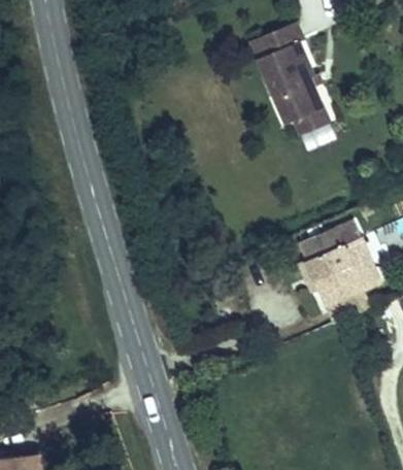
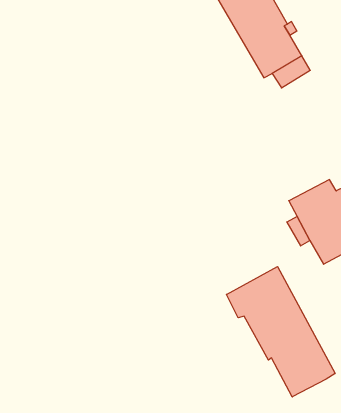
building: none -> [226,267,335,397]

